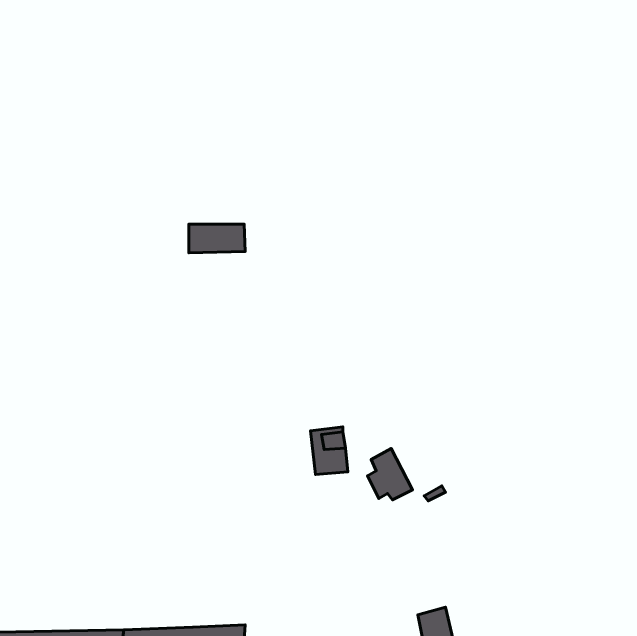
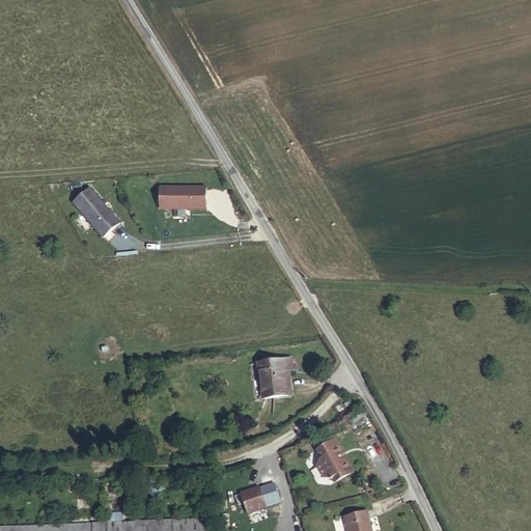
building: none -> [72,191,119,239]
building: [367,448,412,500] -> [317,435,355,477]
building: none -> [243,481,269,508]

